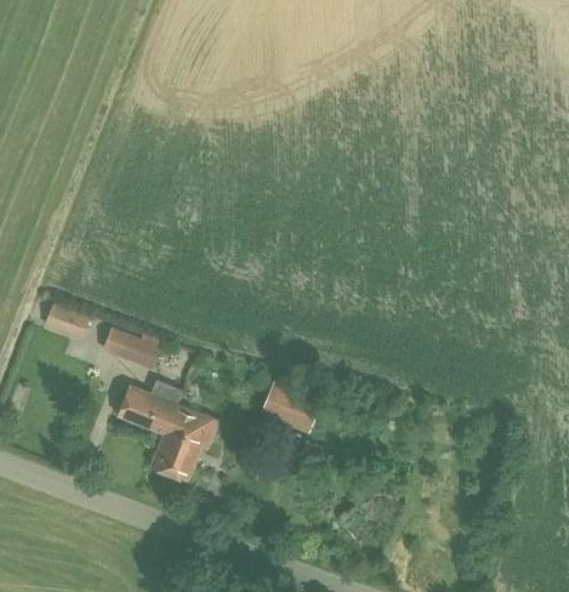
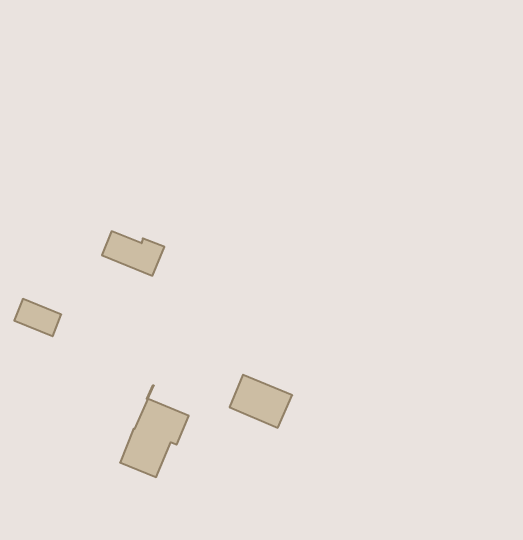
building: [101,325,164,370] -> [102,231,164,276]
building: [118,380,182,434] -> none

